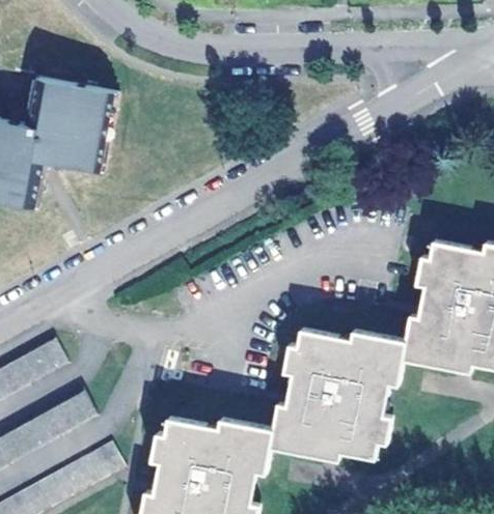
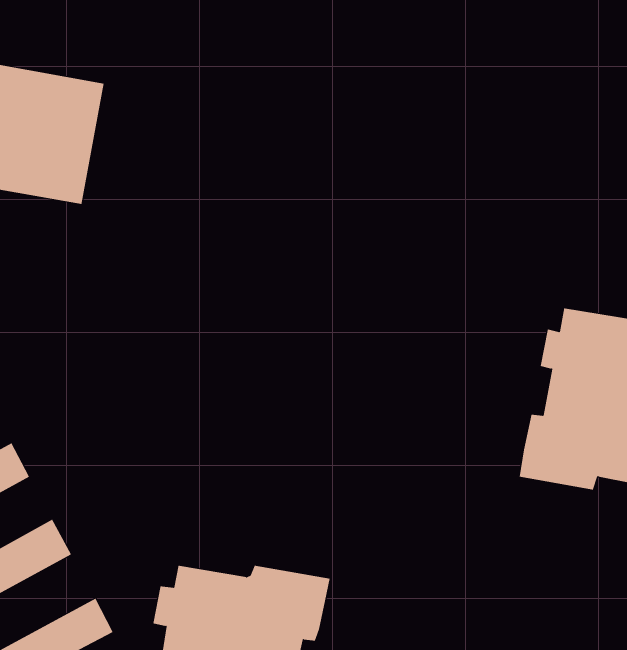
building: [269,334,406,459] -> none

